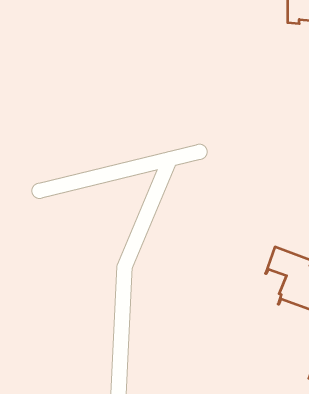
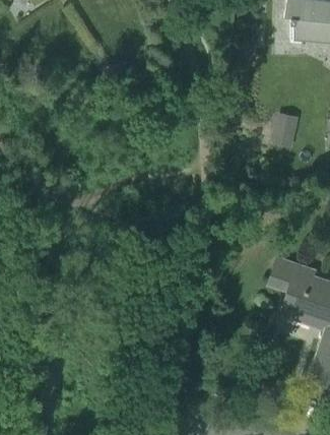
building: none -> [270,113,299,147]

